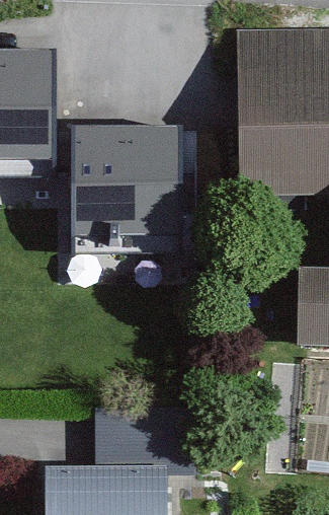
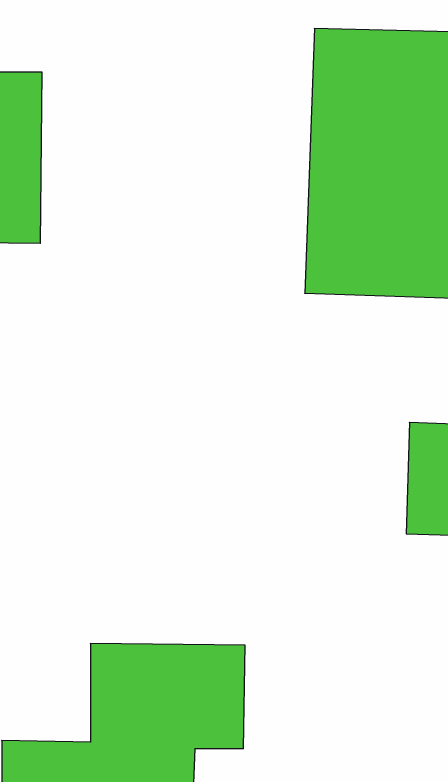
building: [82,131,184,237] -> none

